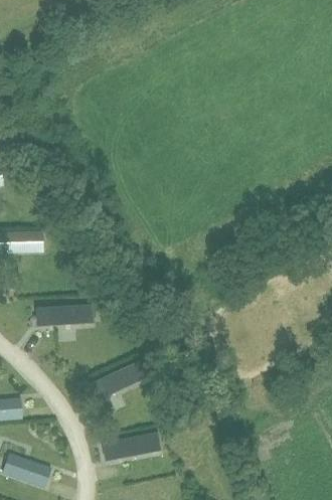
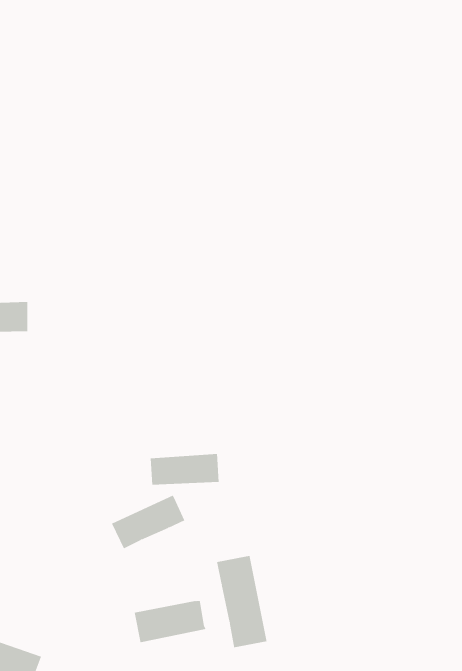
building: [43,304,90,325] -> [150,454,219,485]
building: none -> [216,555,267,648]

